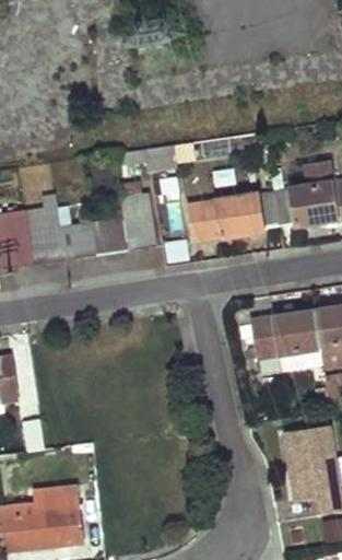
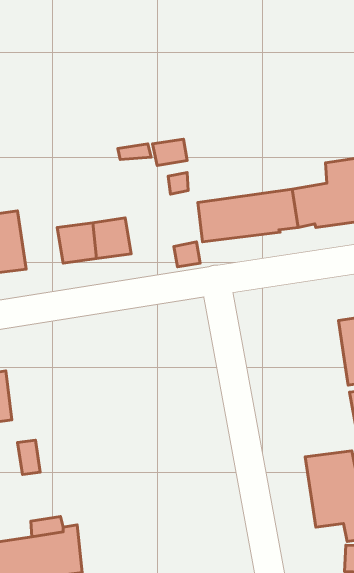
building: [21,192,62,264] -> none
building: [116,192,152,249] -> none
building: [252,311,320,374] -> none

